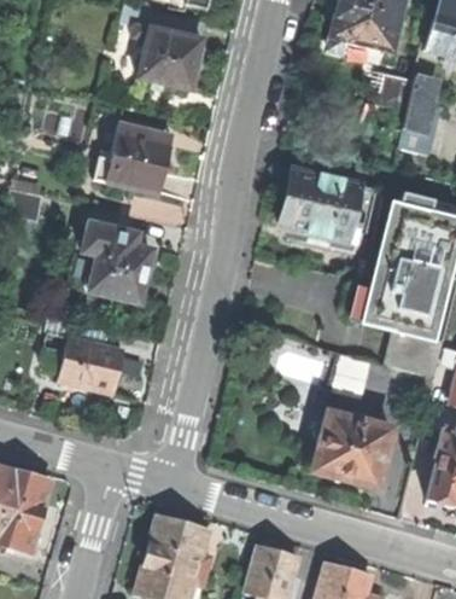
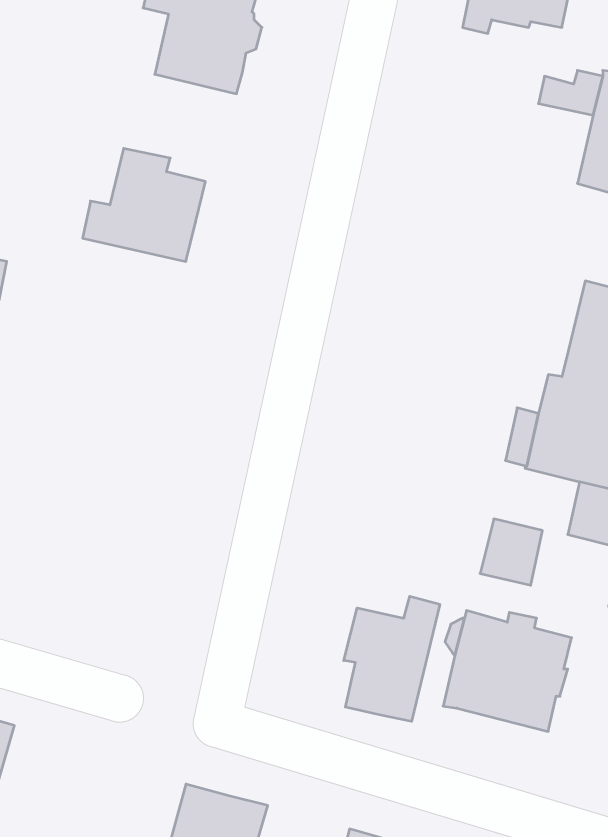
building: [281,170,373,254] -> none
building: [68,223,152,303] -> none
building: [59,338,123,395] -> none
building: none -> [344,596,440,721]

